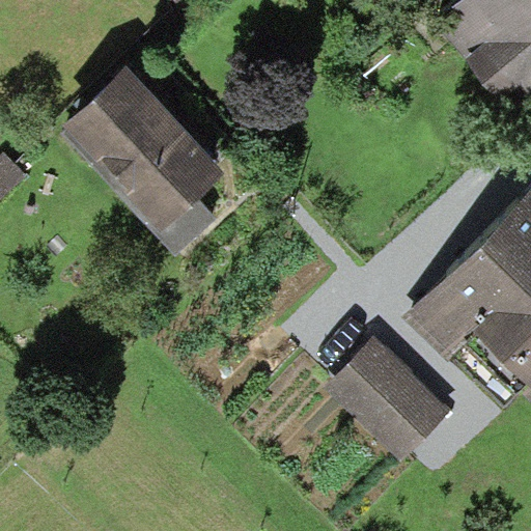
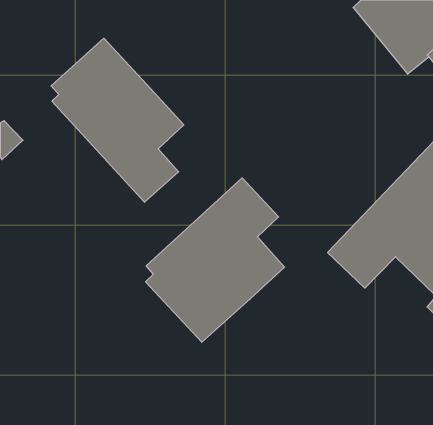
building: none -> [146,178,285,342]
building: [325,339,453,466] -> none

